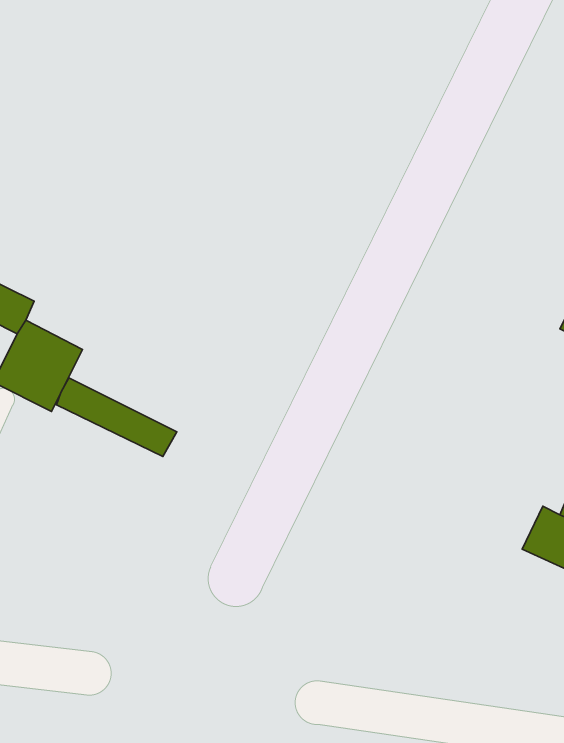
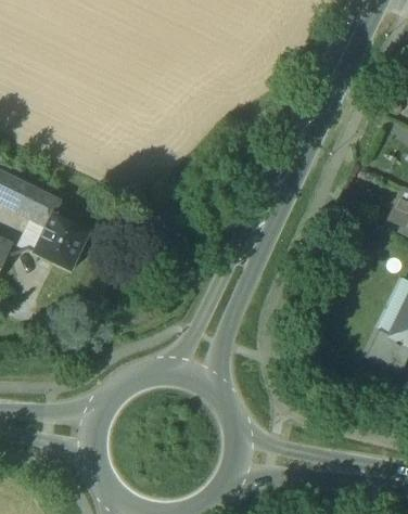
building: [56,378,177,457] -> none

